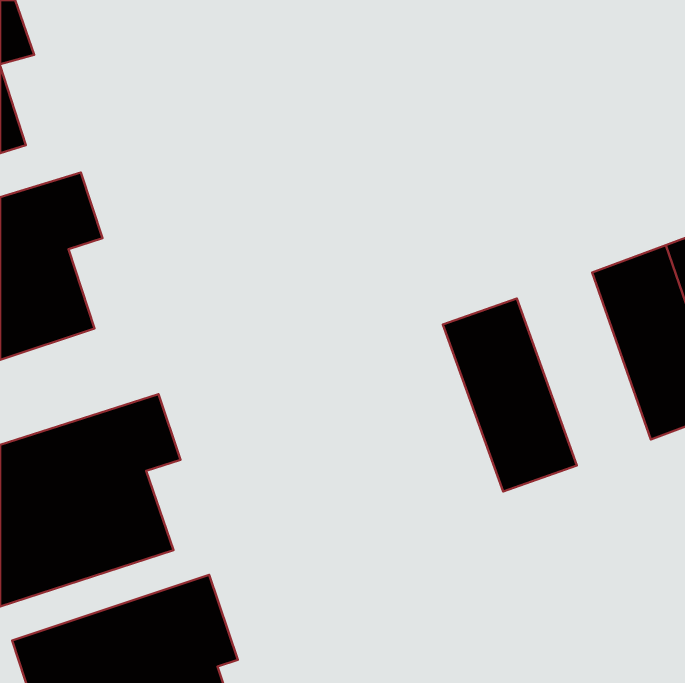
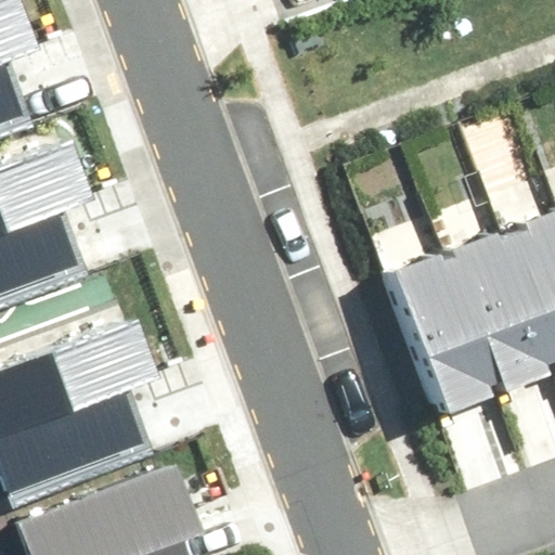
building: none -> [421,229,527,382]

